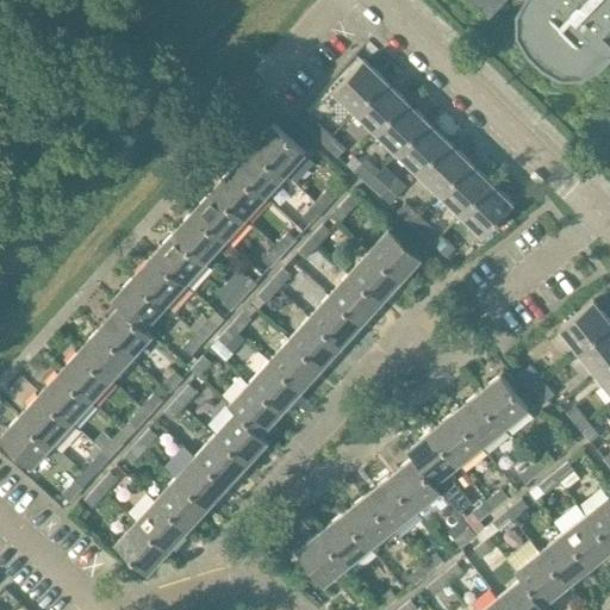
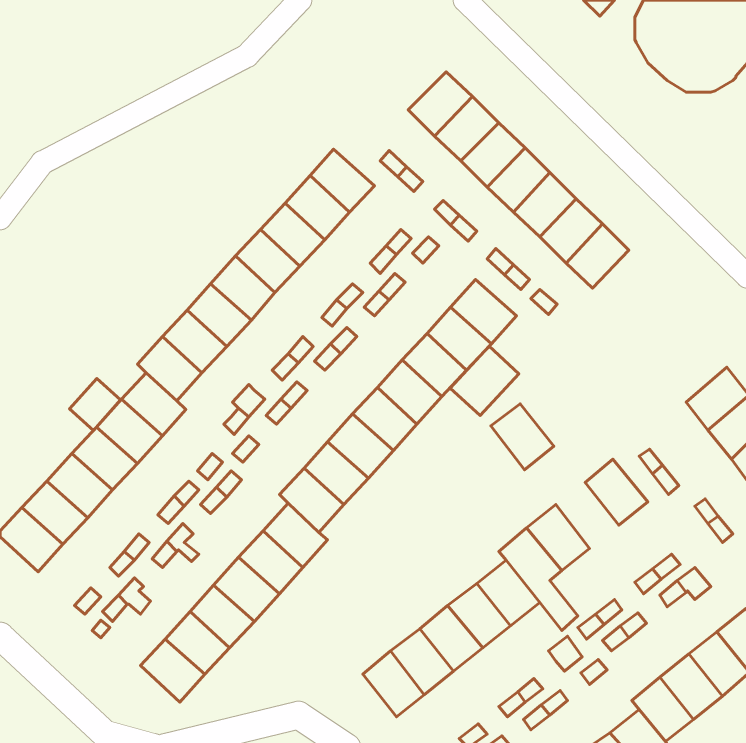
building: none -> [450,346,519,416]
building: none -> [69,378,121,430]
building: [454,397,505,450] -> [491,404,554,470]

